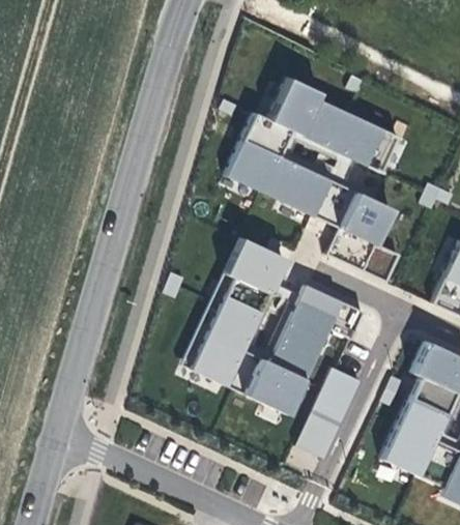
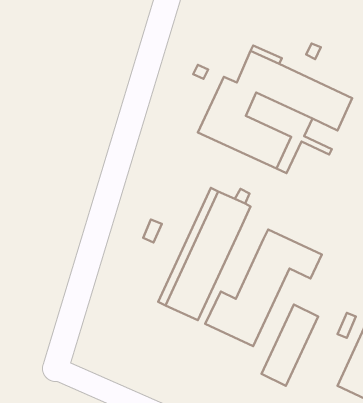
building: [325,185,399,282] -> none
building: [226,283,299,389] -> none

